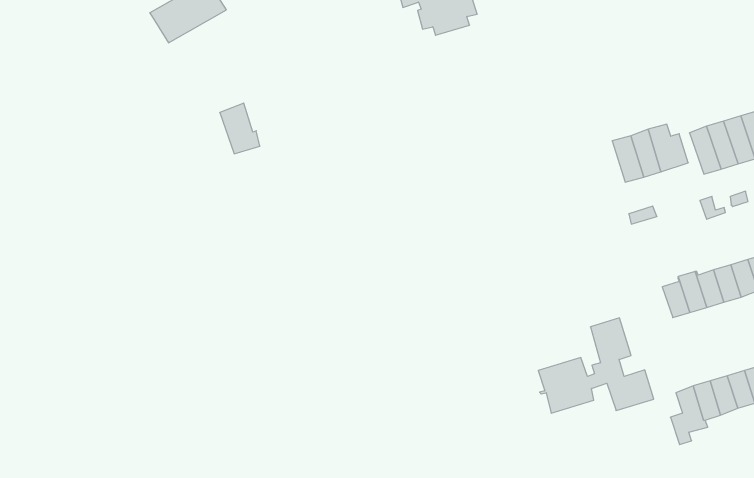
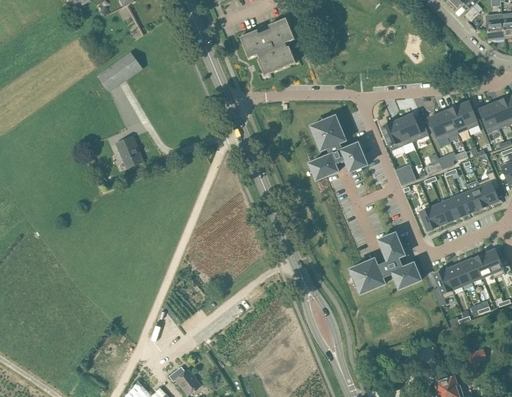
building: [220,103,260,154] -> [117,136,143,167]
building: none -> [309,115,368,180]

